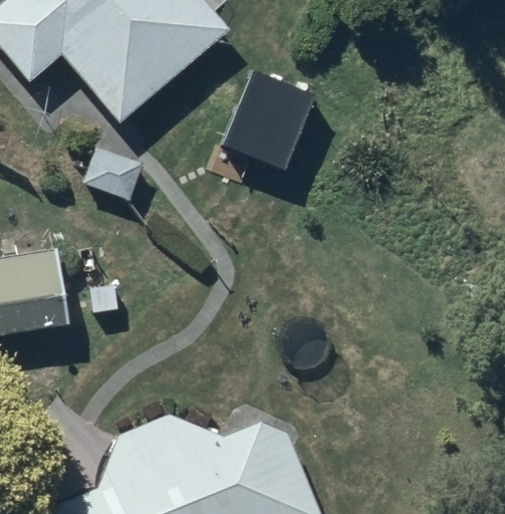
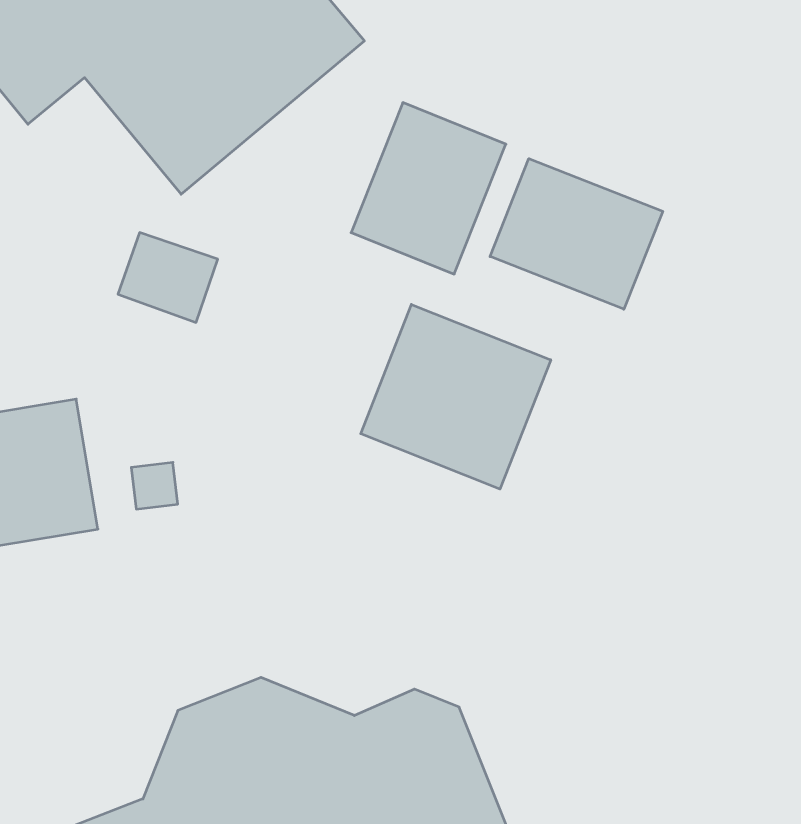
building: none -> [490,159,663,309]
building: none -> [361,304,551,489]

